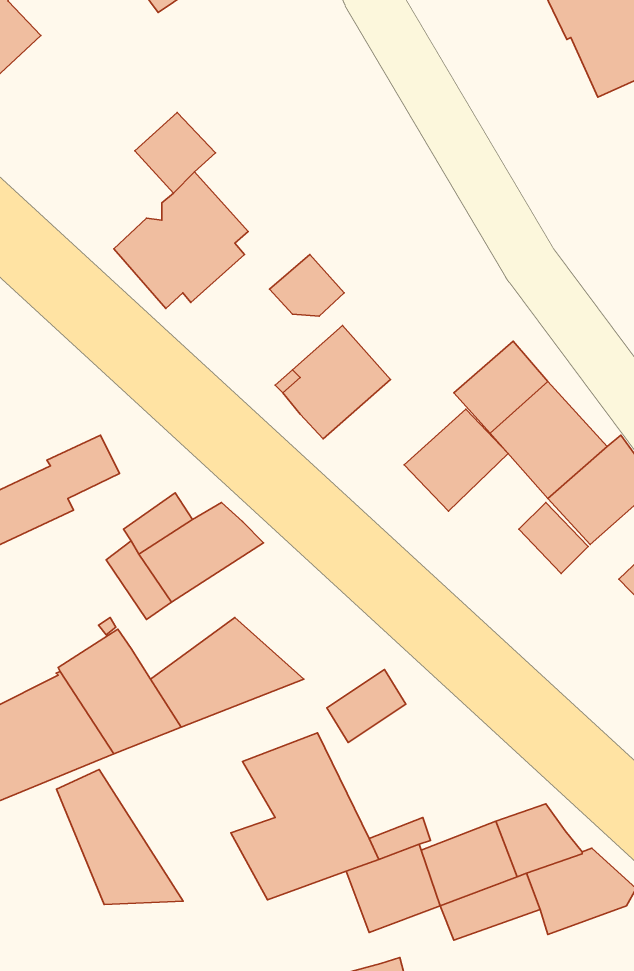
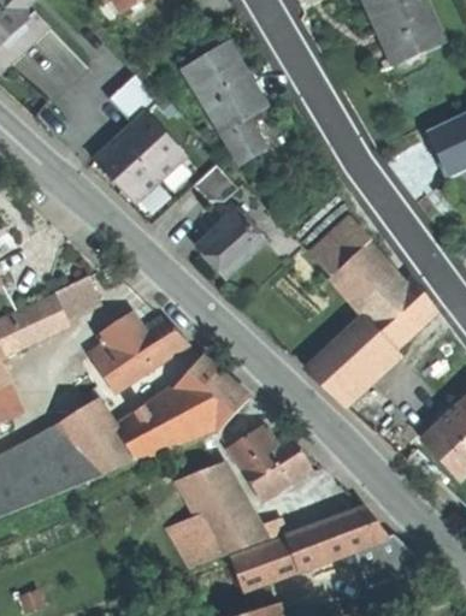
building: none -> [182,41,265,161]
building: [404,409,508,511] -> [309,336,374,399]
building: none -> [170,356,248,433]
building: none -> [241,437,311,499]
building: [56,769,183,905] -> none

